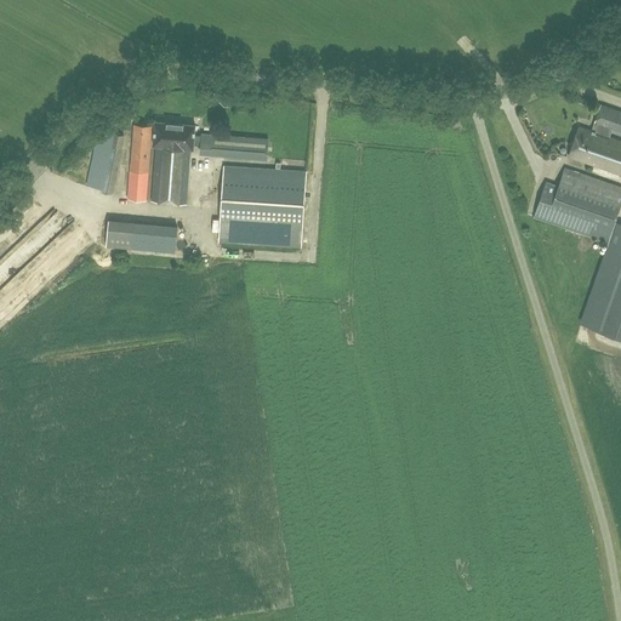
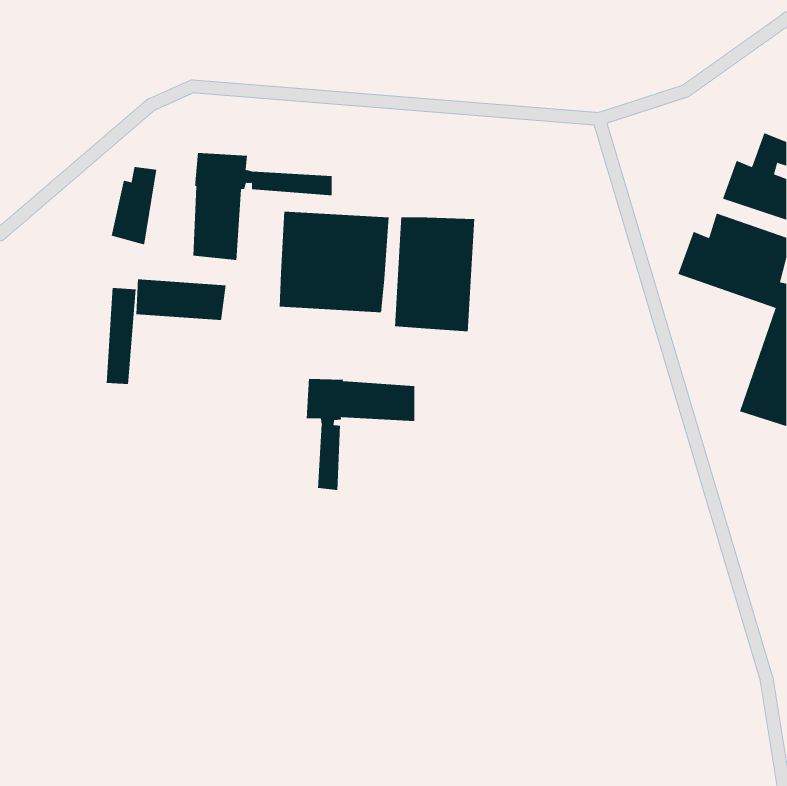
building: [129,124,153,200] -> [106,287,137,385]
building: none -> [395,216,475,332]
building: none -> [306,378,415,491]

